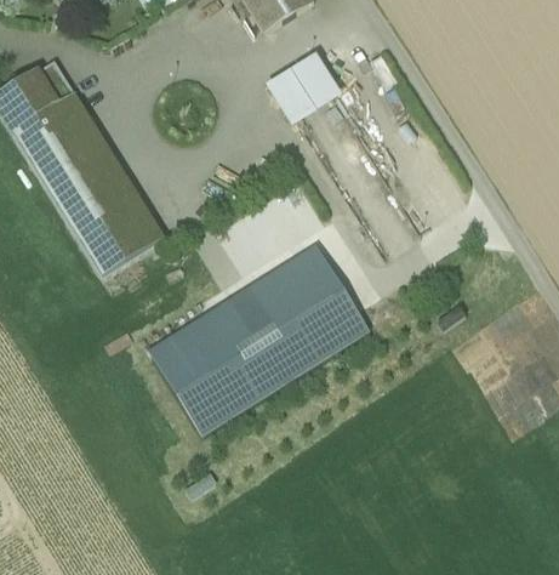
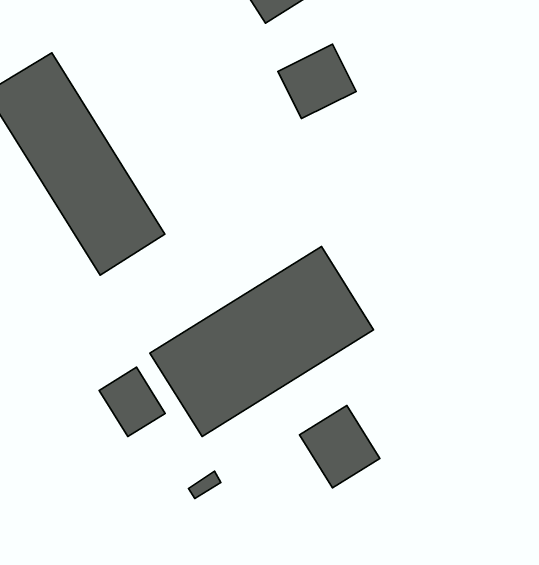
building: none -> [99,367,165,437]
building: none -> [300,406,380,488]

